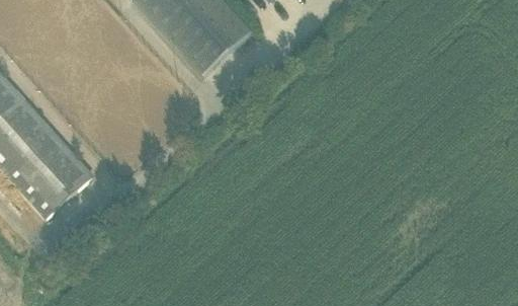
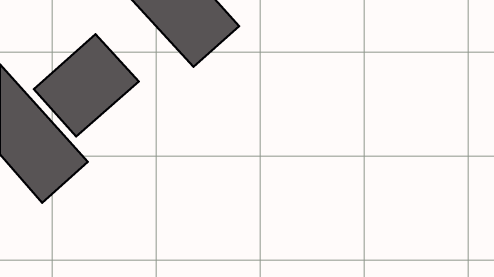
building: none -> [34,34,139,136]

